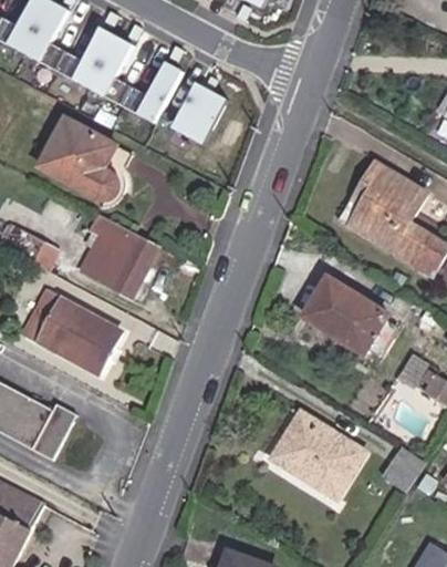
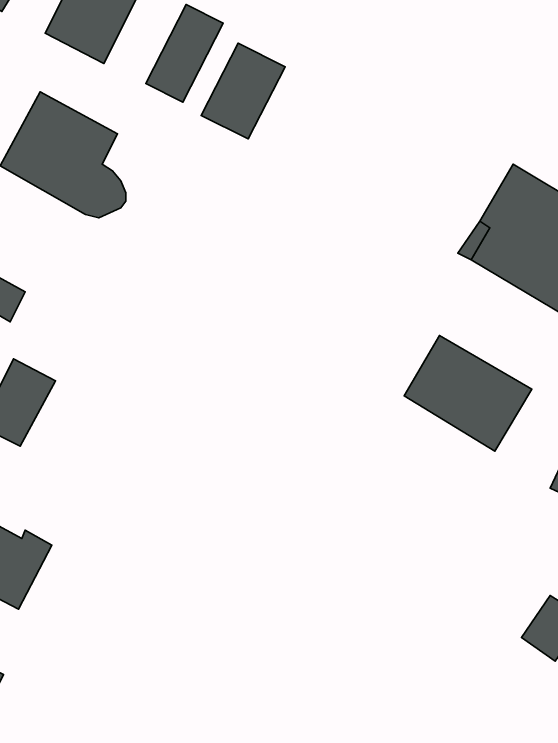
building: [89,223,158,296] -> none
building: [51,307,119,375] -> none
building: [277,416,362,495] -> none

